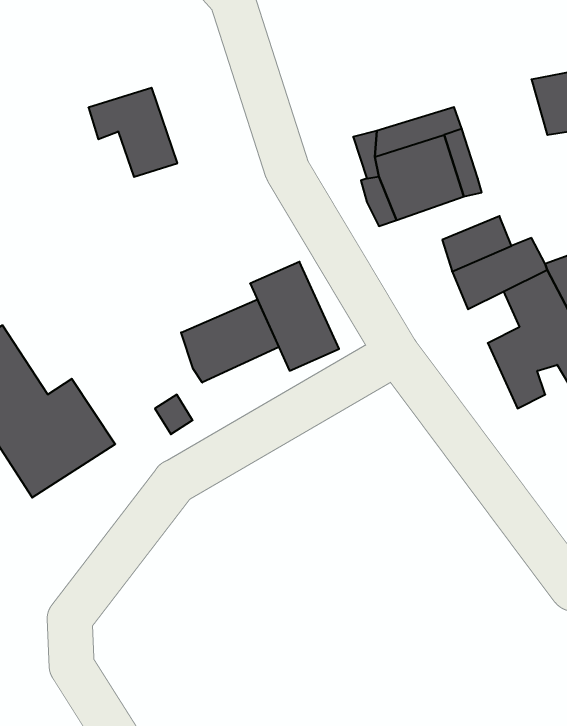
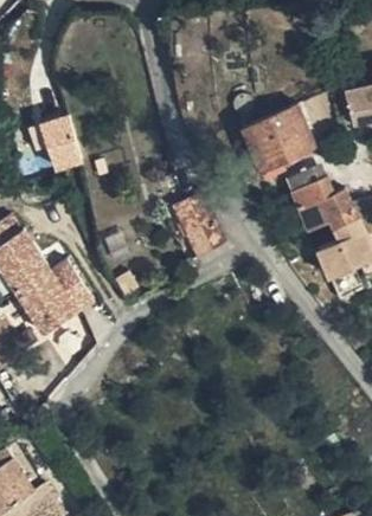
building: [88,88,177,177] -> [30,120,83,173]
building: [181,299,279,383] -> none

